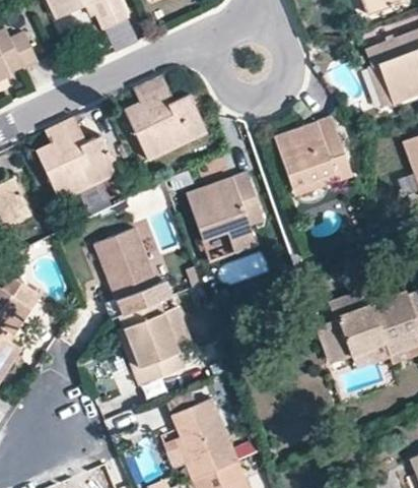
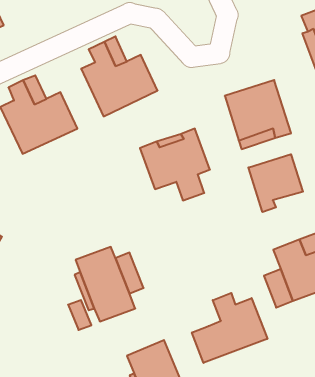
building: none -> [248,154,303,212]
building: [95,229,173,319] -> none
building: none -> [192,293,267,363]

